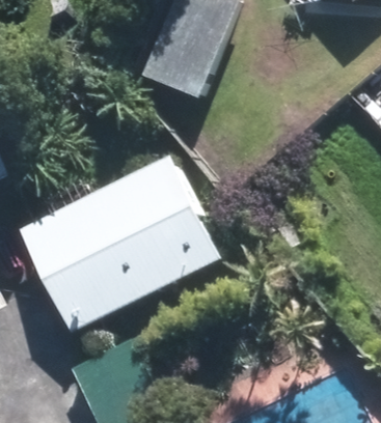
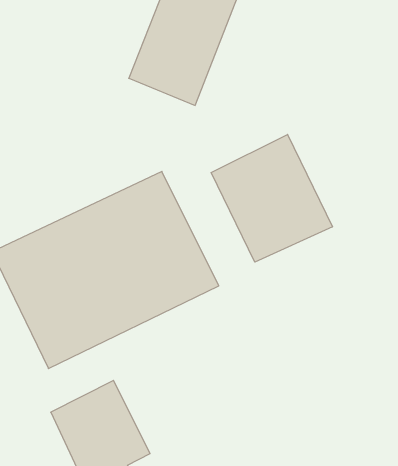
building: none -> [211,134,332,262]

